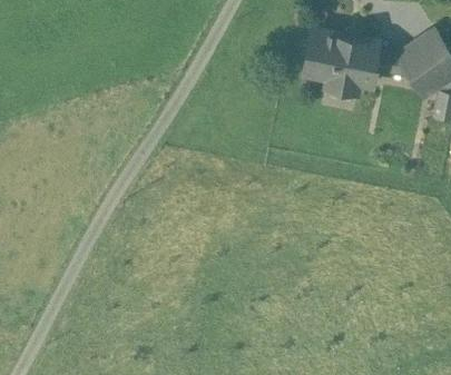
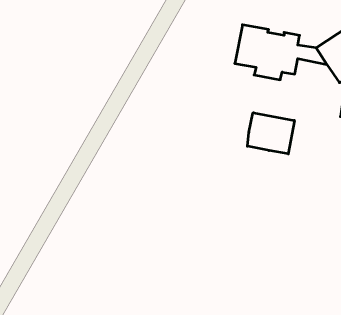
building: none -> [247,113,294,154]

